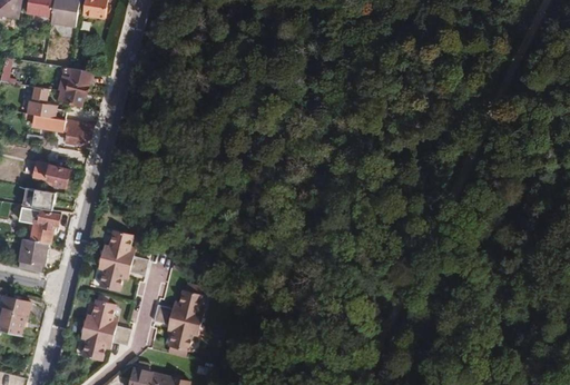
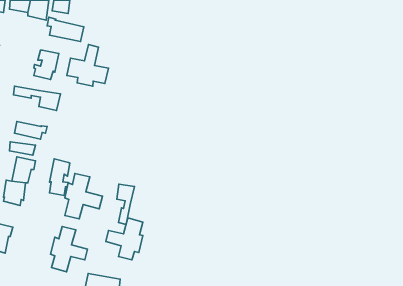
building: none -> [47,17,84,42]
building: none -> [67,45,108,86]
building: [27,87,67,120] -> none
building: none -> [49,159,70,195]
building: none -> [117,184,134,225]

